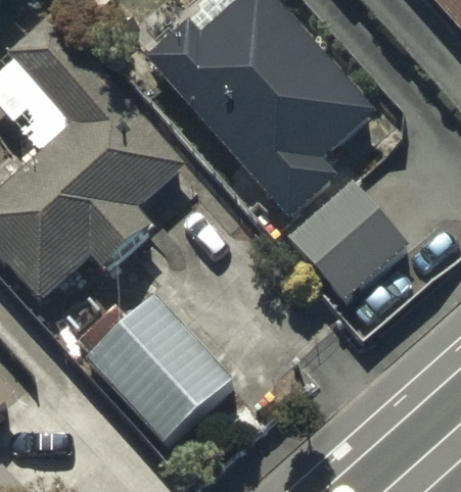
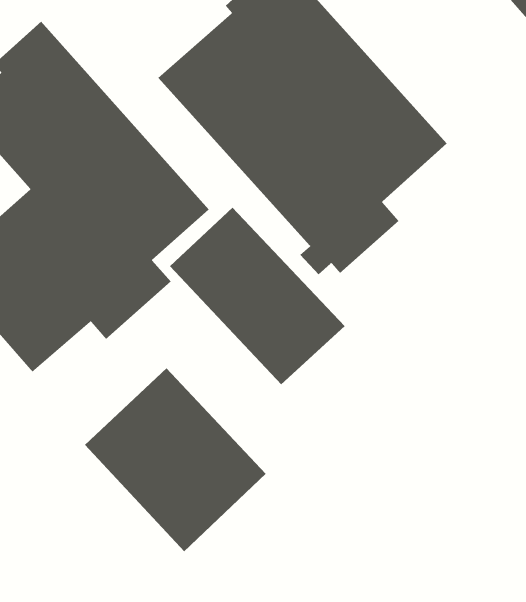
building: none -> [169,207,345,385]
building: [288,183,411,322] -> none

